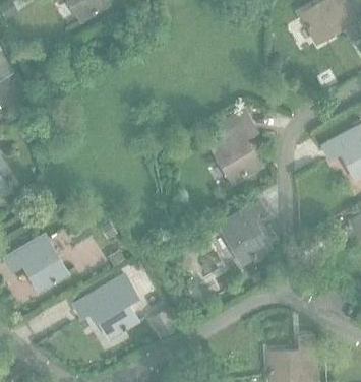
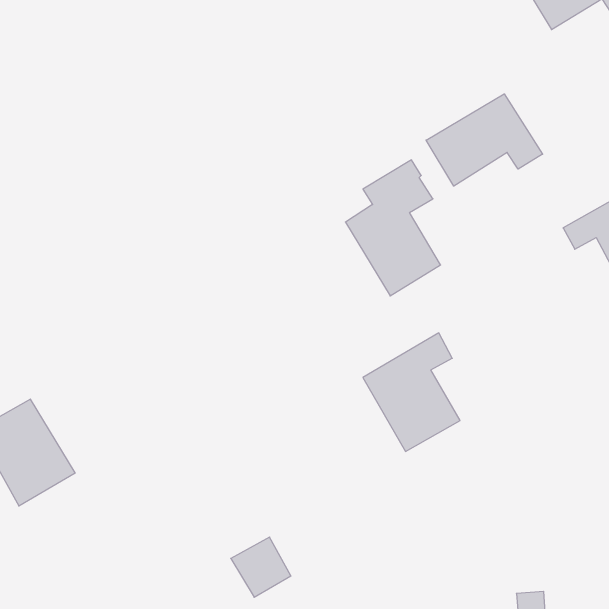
building: none -> [426,94,543,186]
building: [74,281,136,336] -> none

